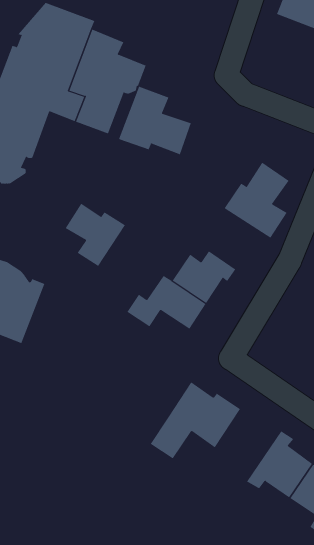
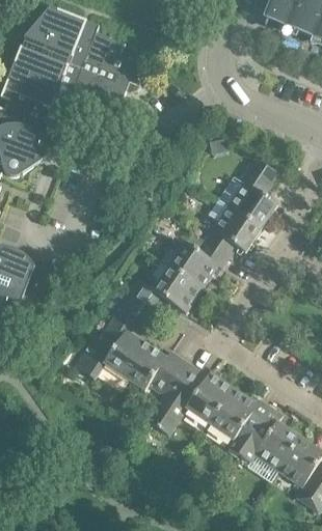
building: [119,86,191,155] -> none
building: [65,203,126,267] -> none
building: none -> [204,199,262,256]
building: none -> [75,296,187,394]
building: none -> [210,387,271,454]

